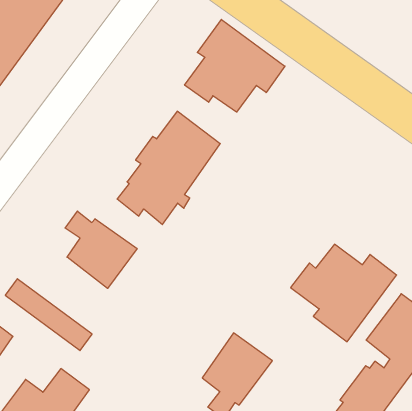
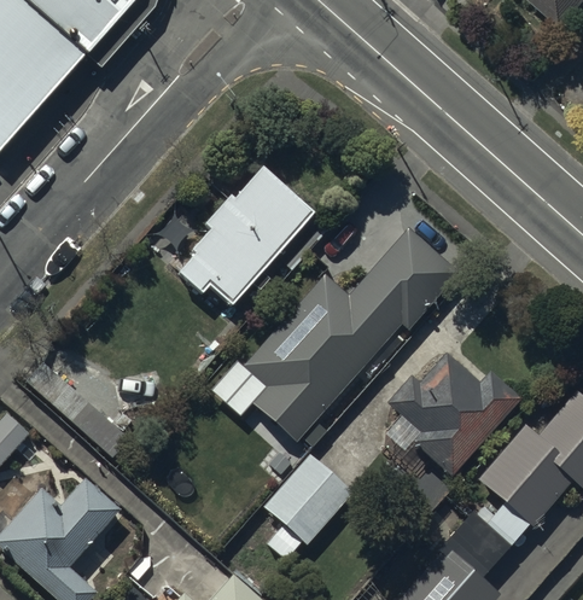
building: [185,19,285,112] -> none
building: none -> [243,227,459,442]
building: [65,211,137,288] -> none

